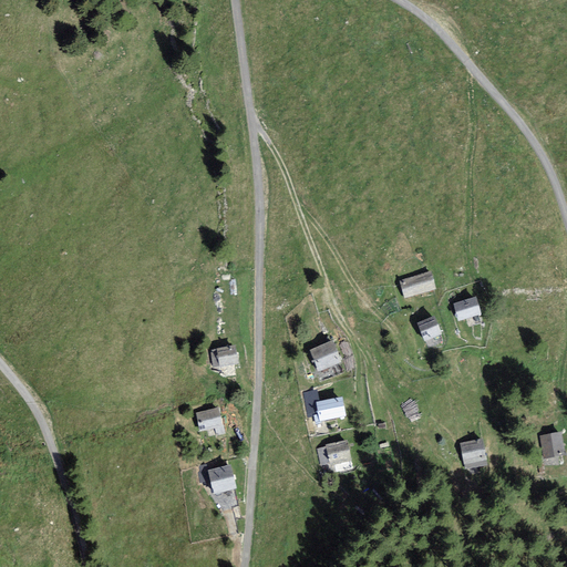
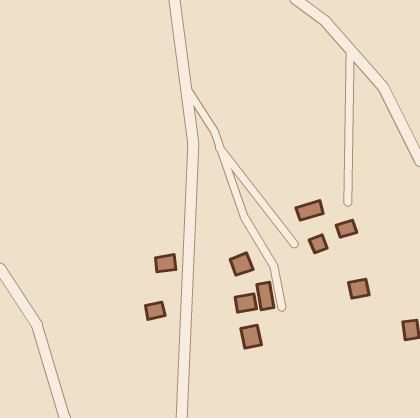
building: none -> [257,282,274,310]
building: [458,437,486,463] -> [349,279,369,298]
building: [208,465,236,494] -> none

